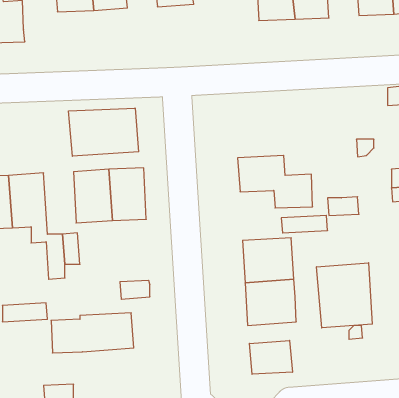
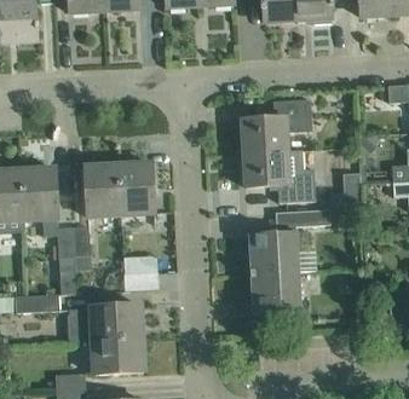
building: none -> [242,99,313,154]
building: [69,108,139,156] -> none
building: [317,263,372,328] -> none
building: [249,340,292,374] -> none
building: none -> [93,337,144,374]

